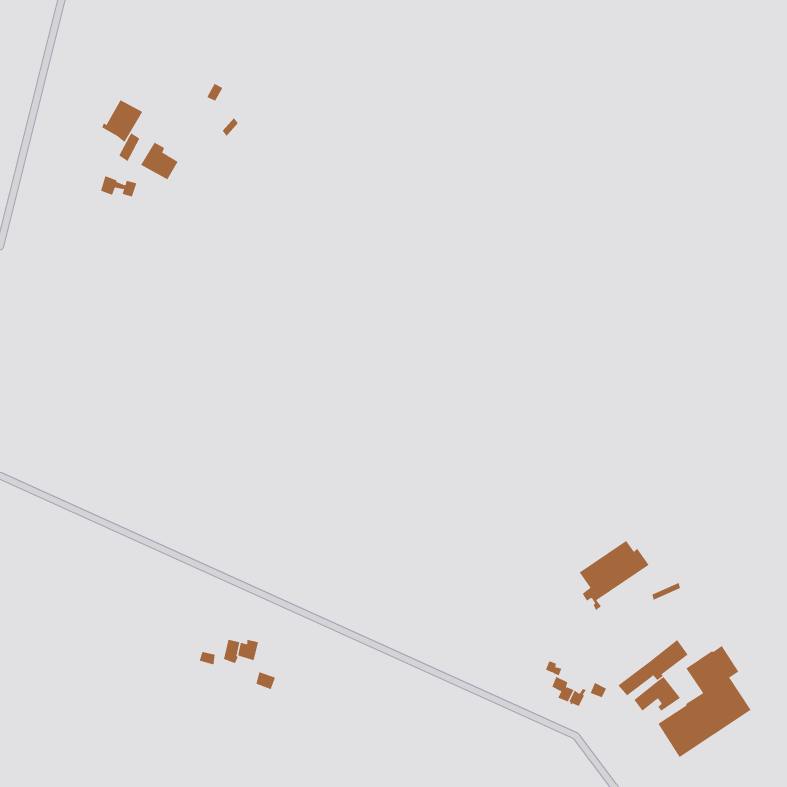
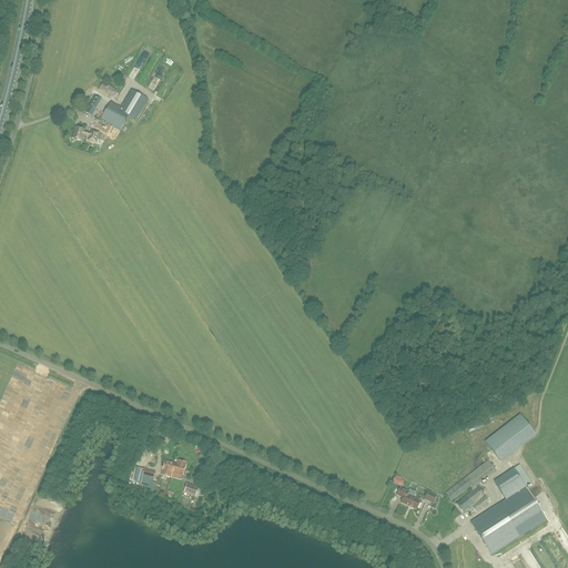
building: [102,100,143,143] -> [118,90,148,121]
building: [579,540,650,611] -> [486,416,537,467]

